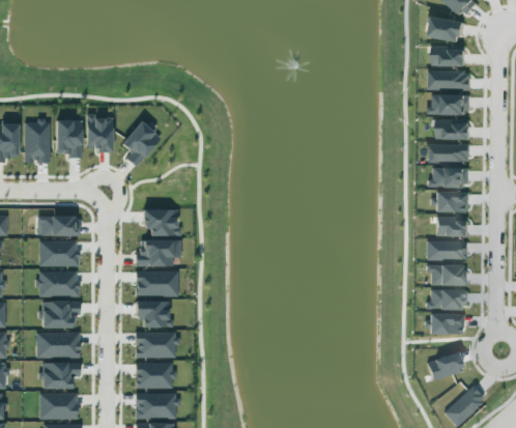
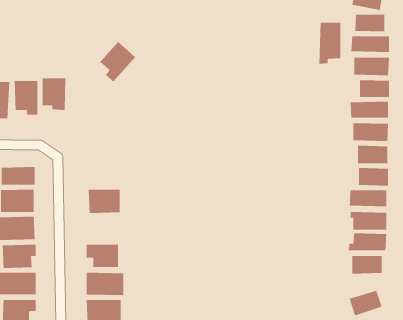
building: none -> [319,22,341,65]
building: [120,121,161,167] -> [99,41,136,82]
building: [145,209,179,236] -> none
building: [136,270,178,296] -> none

